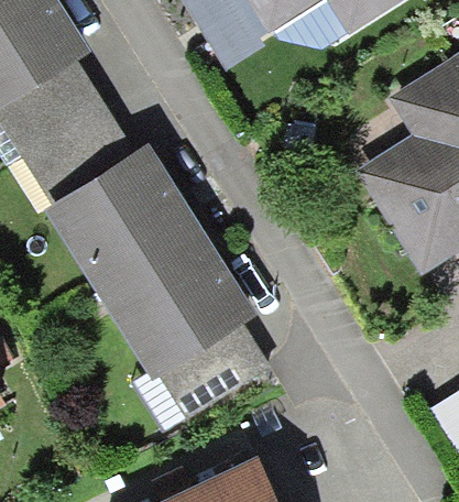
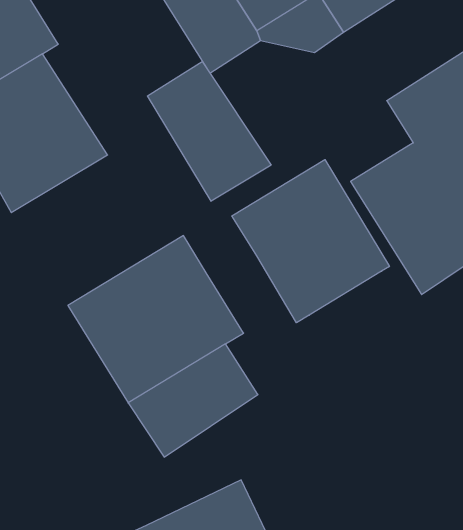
building: none -> [147,62,271,201]
building: [43,135,200,284] -> none
building: none -> [232,160,389,323]

